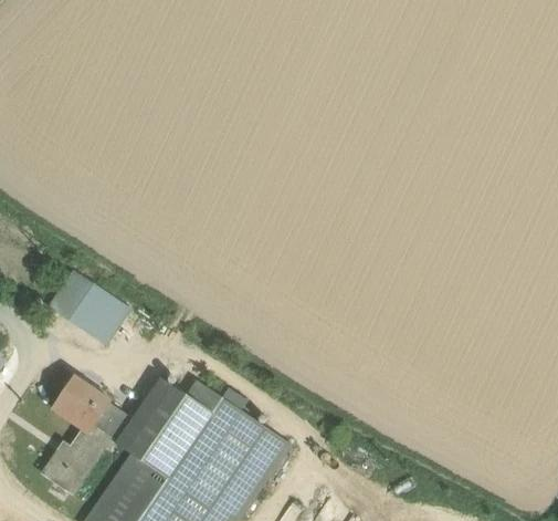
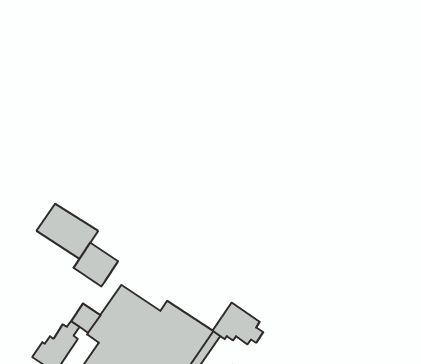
building: [53,376,112,434] -> [73,243,118,286]
building: none -> [212,303,263,344]

